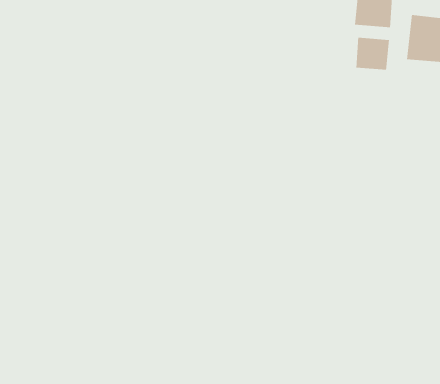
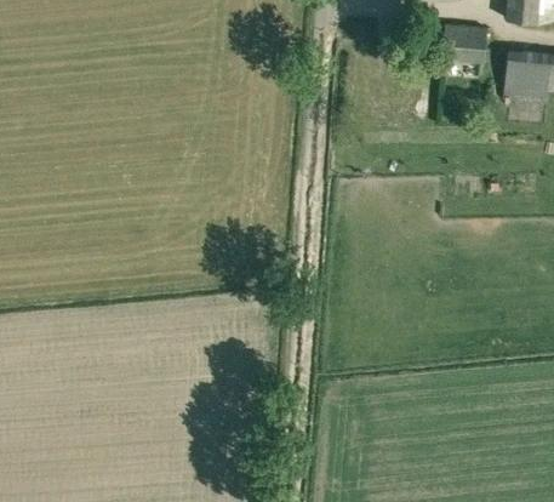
building: [356,37,390,71] -> none

